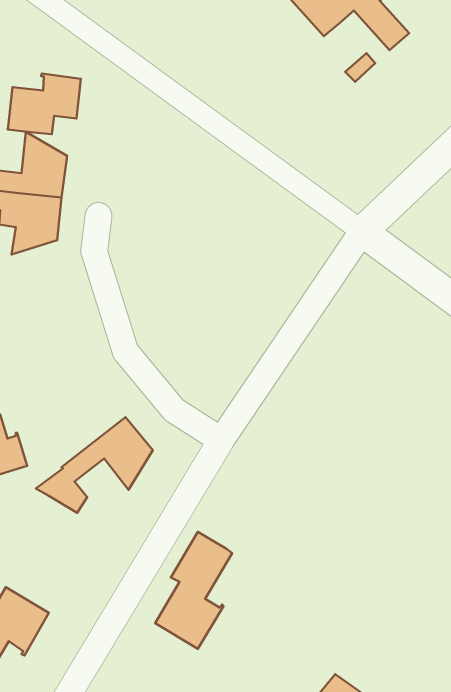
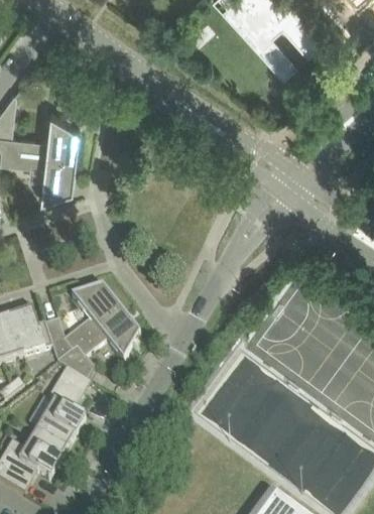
building: [8,74,81,134] -> none
building: none -> [44,285,121,361]
building: [155,532,232,649] -> [36,365,91,447]

